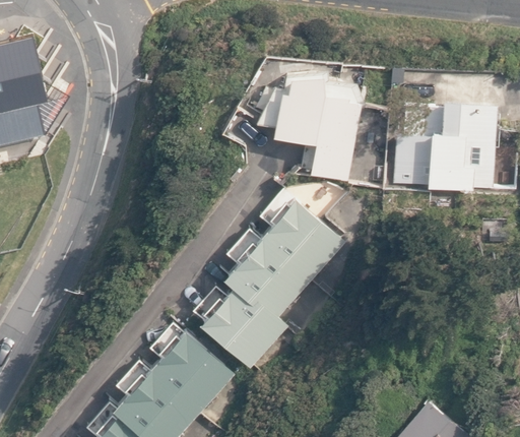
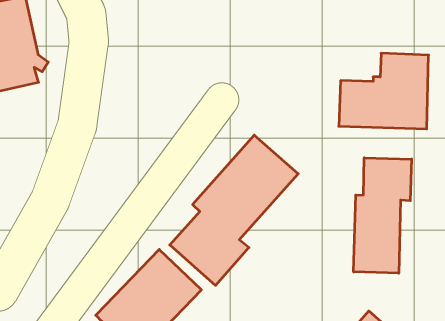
building: [256,67,360,181] -> none
building: none -> [354,158,412,273]

